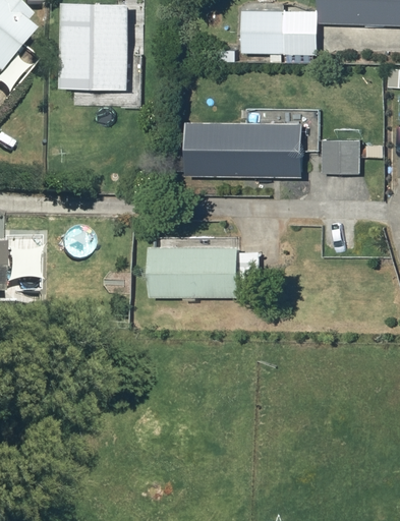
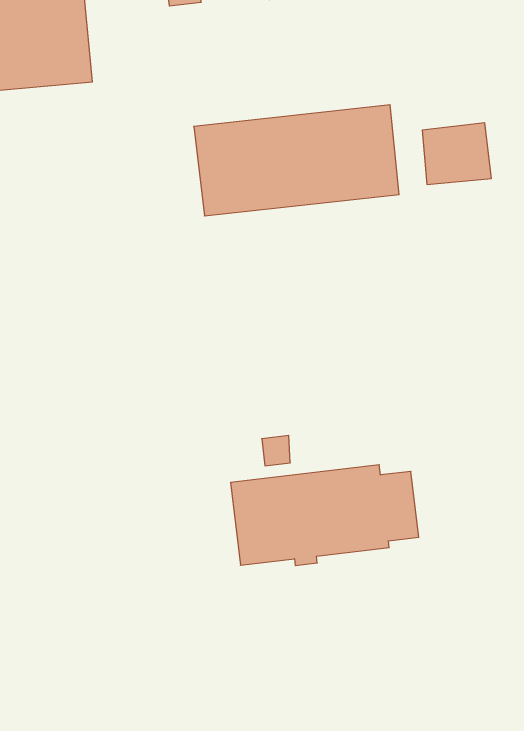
building: [149,246,256,300] -> [231,465,419,566]

